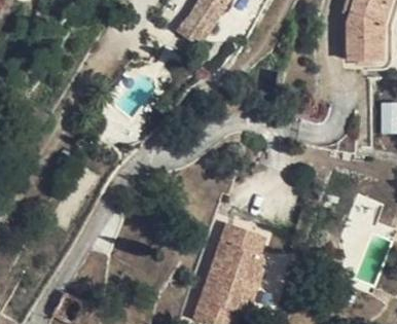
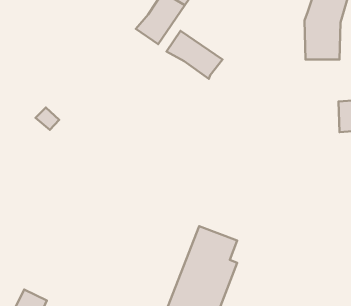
building: none -> [166,31,222,79]

